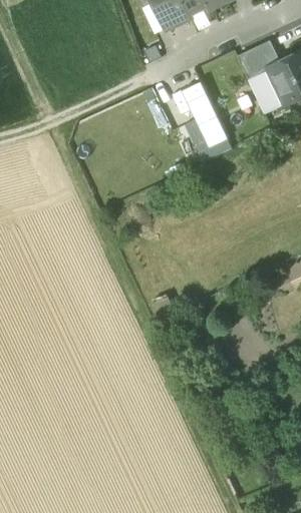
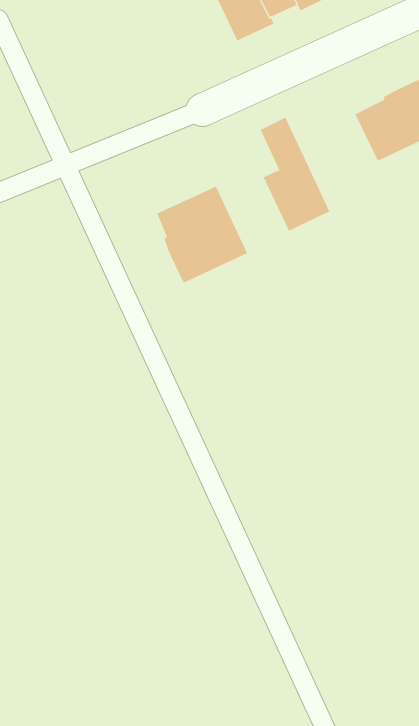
building: [237,40,280,80] -> none
building: none -> [157,186,248,284]

